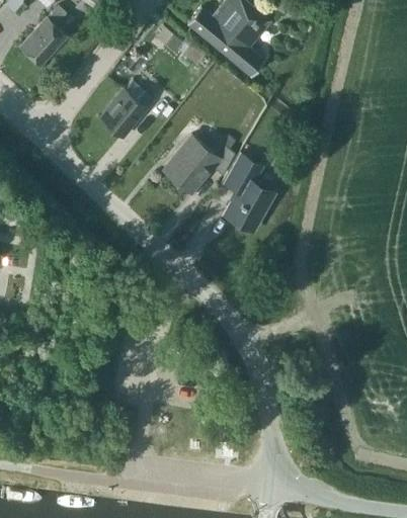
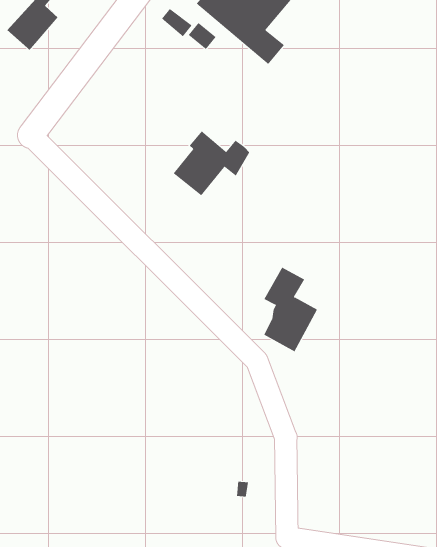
building: [100,79,146,137] -> none
building: [225,156,272,231] -> [264,267,318,352]

